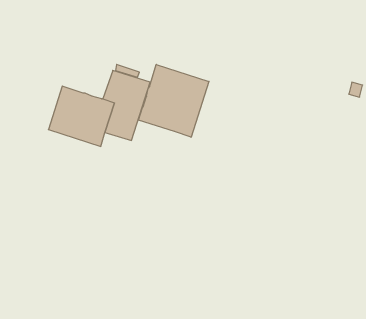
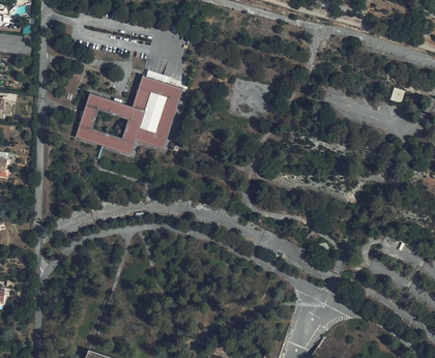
building: [138,64,209,137] -> none

